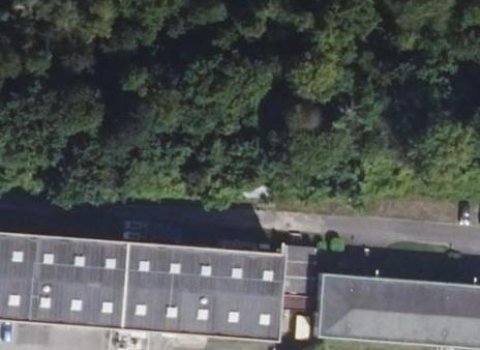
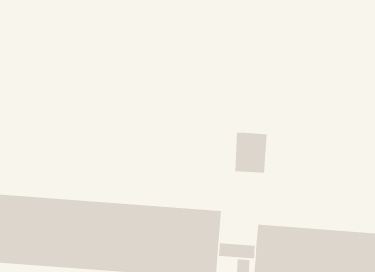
building: [279,246,318,294] -> [234,132,267,173]

